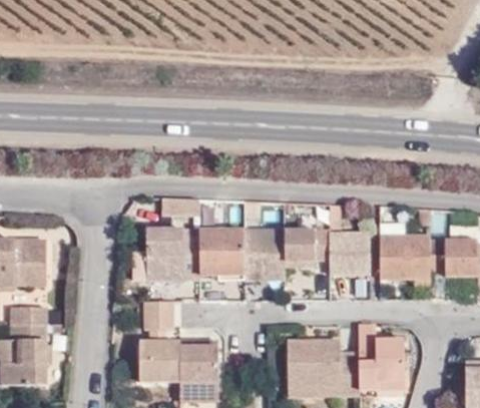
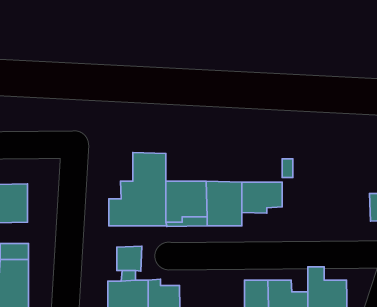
building: [378,229,429,287] -> none
building: [330,231,370,274] -> none

